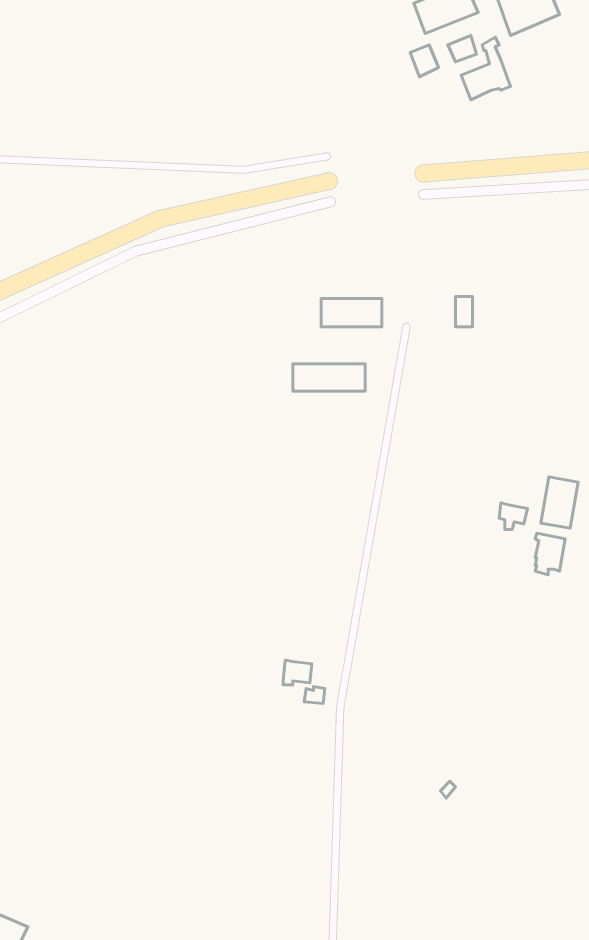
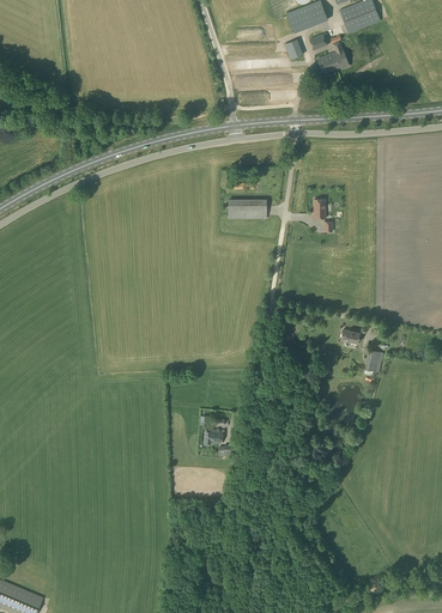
building: [293,364,365,391] -> none
building: [541,477,578,528] -> none

